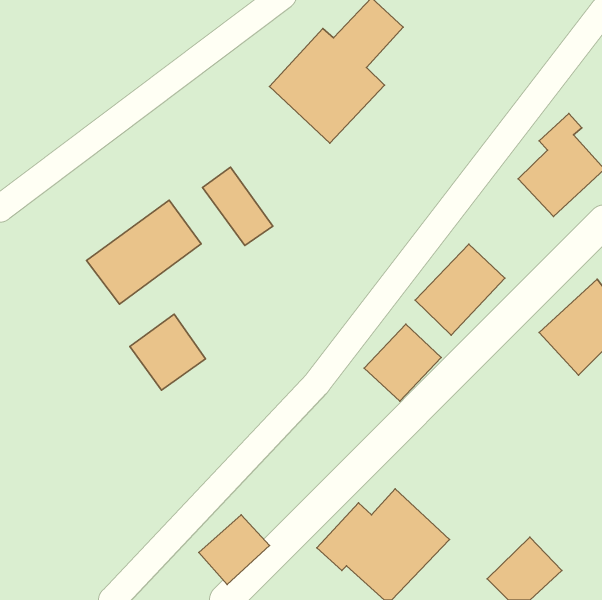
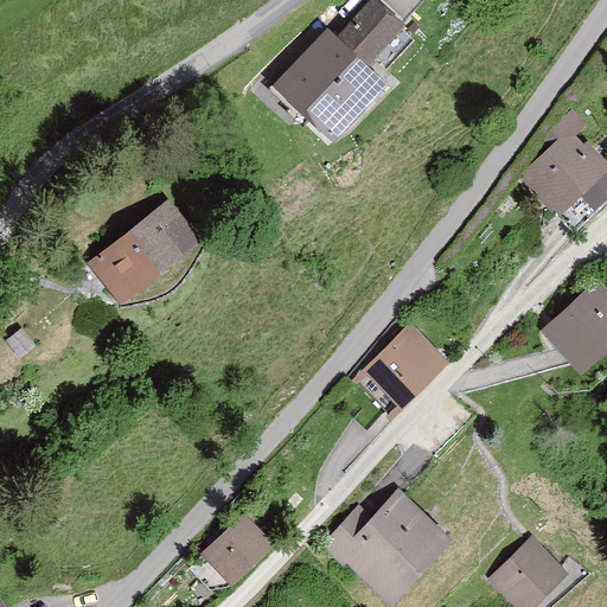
building: [203,167,273,245] -> none
building: [415,244,505,335] -> none
building: [130,314,205,390] -> none

